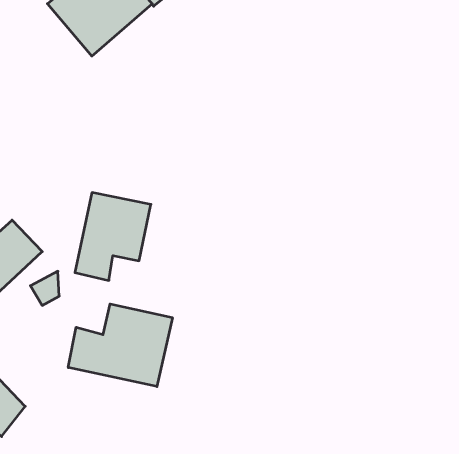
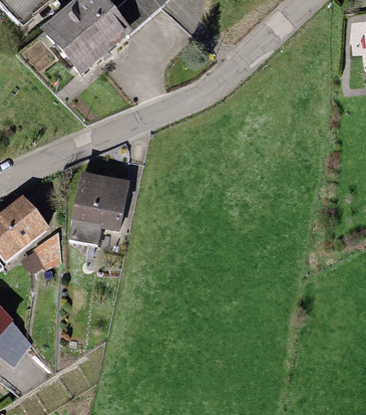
building: [68,304,172,387] -> none

